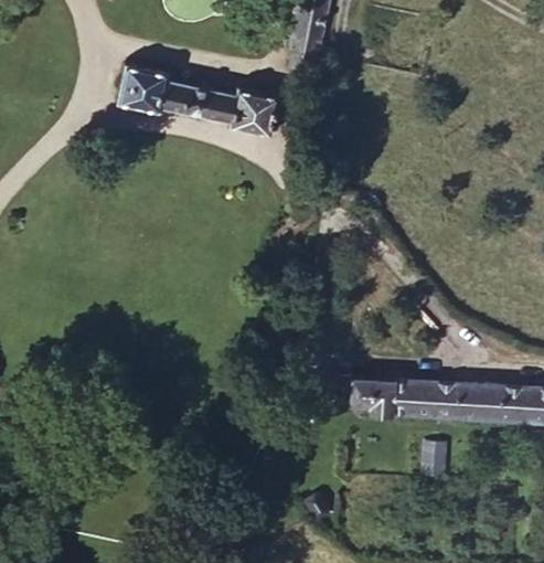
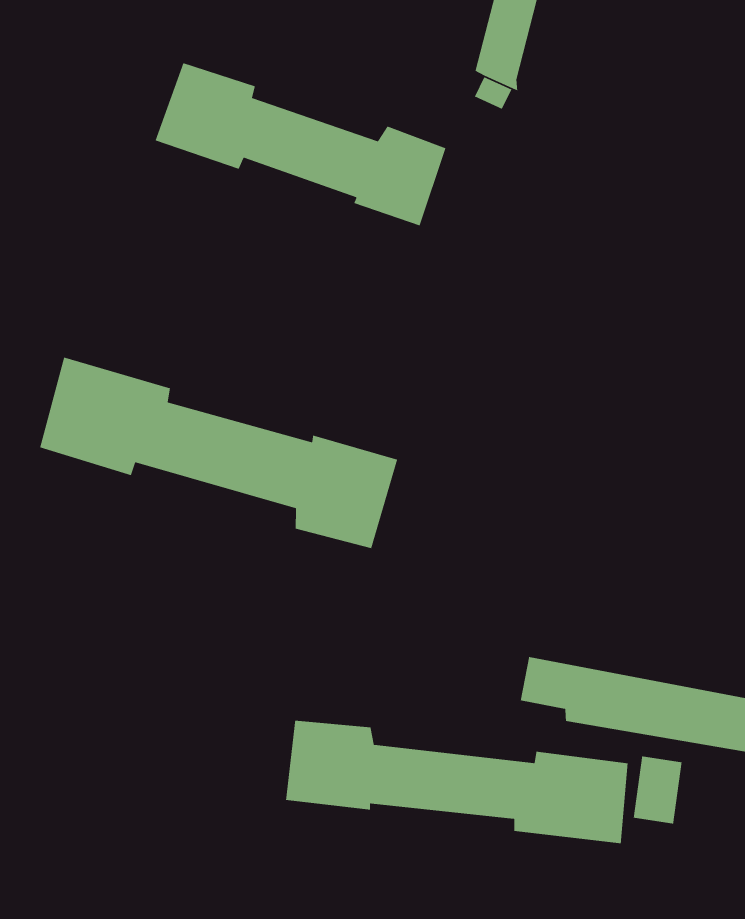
building: none -> [39,357,398,549]
building: none -> [285,720,628,844]

